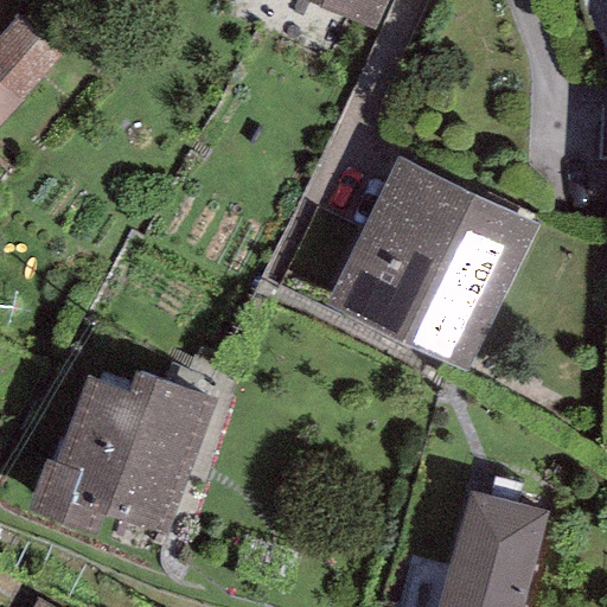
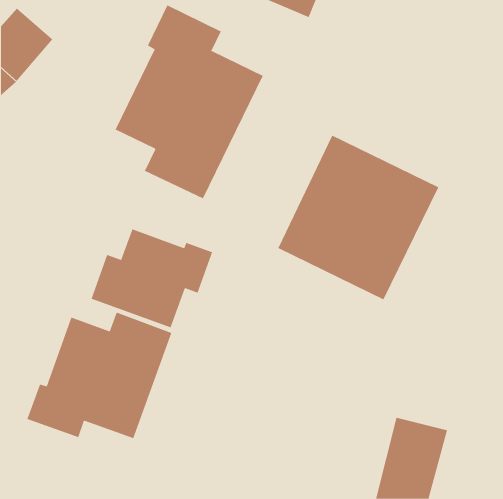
building: none -> [115,5,263,199]
building: none -> [91,228,213,328]

